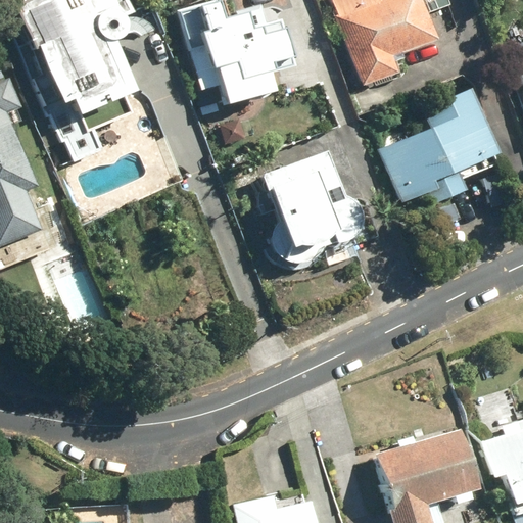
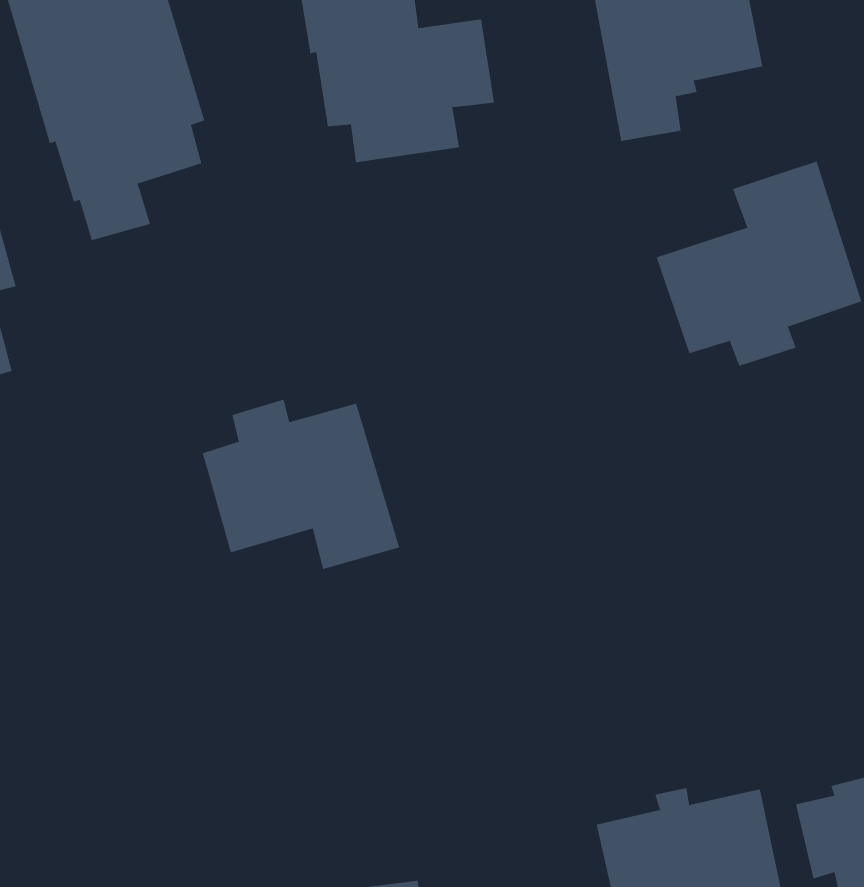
building: [259,152,353,252] -> none
building: none -> [202,399,400,570]

